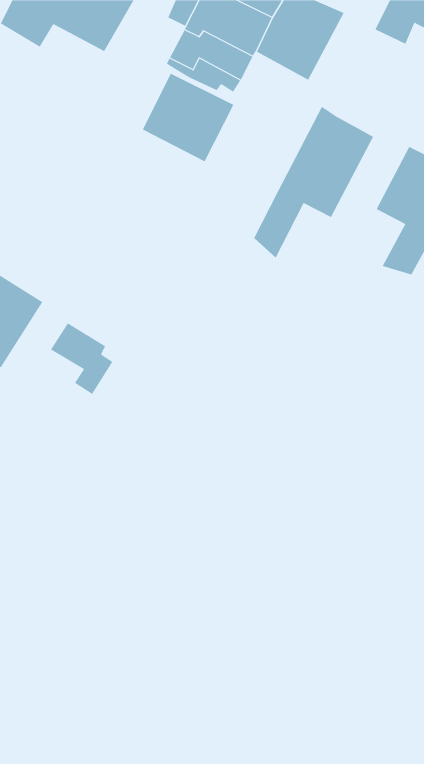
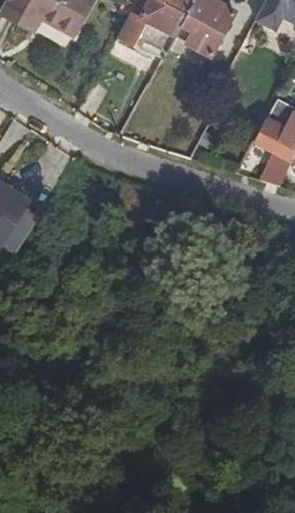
building: [142,73,234,162] -> none
building: [253,106,374,259] -> none
building: [50,322,113,395] -> none

